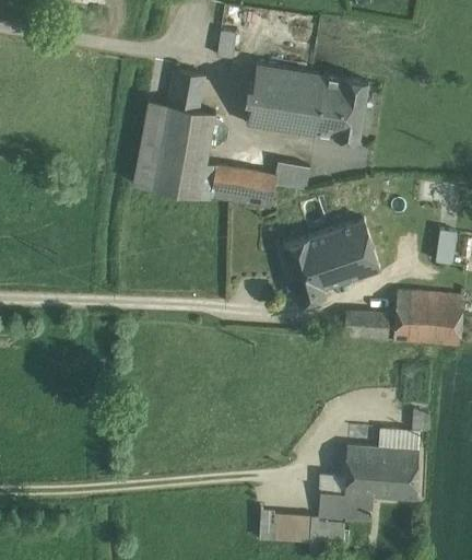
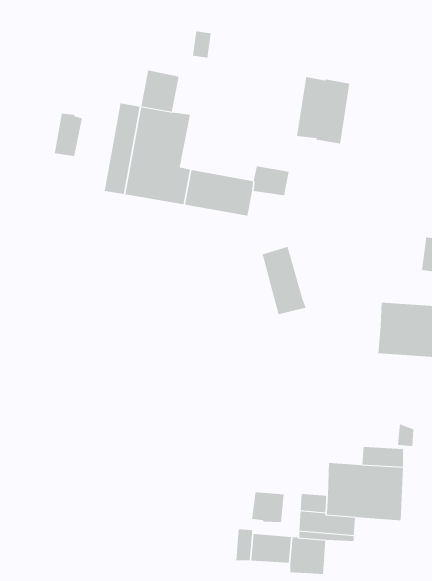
building: [246,65,324,137] -> none
building: none -> [54,113,82,157]
building: [308,220,379,289] -> none
building: [343,313,396,341] -> none
building: none -> [252,492,284,523]

